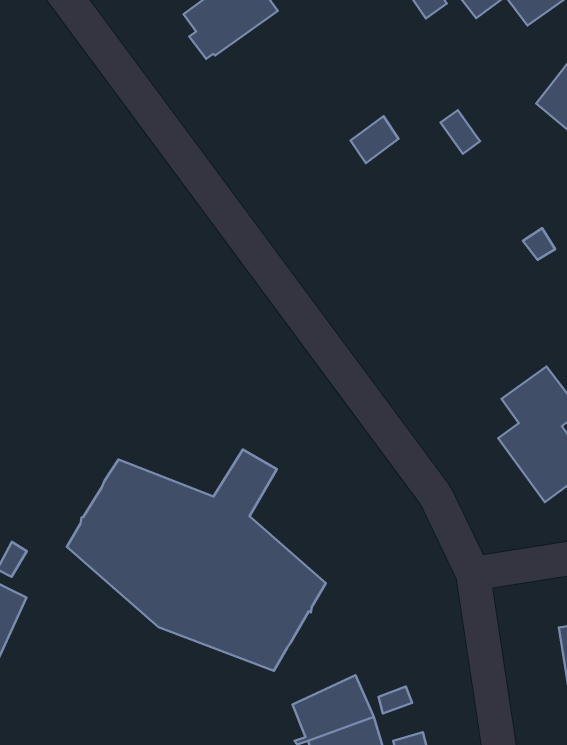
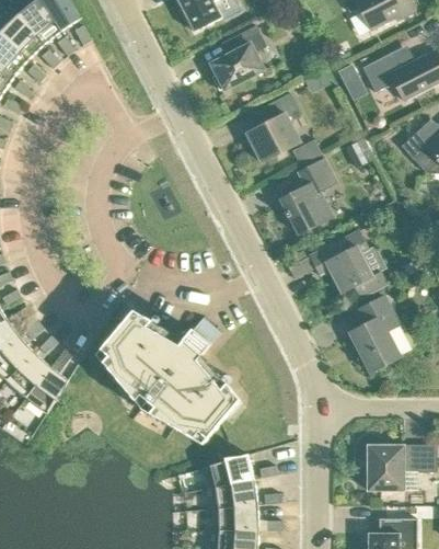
building: none -> [245,92,301,161]
building: none -> [279,157,336,233]
building: none -> [310,230,385,296]

